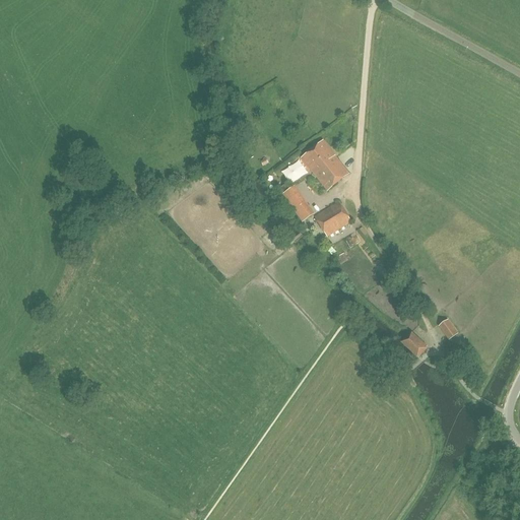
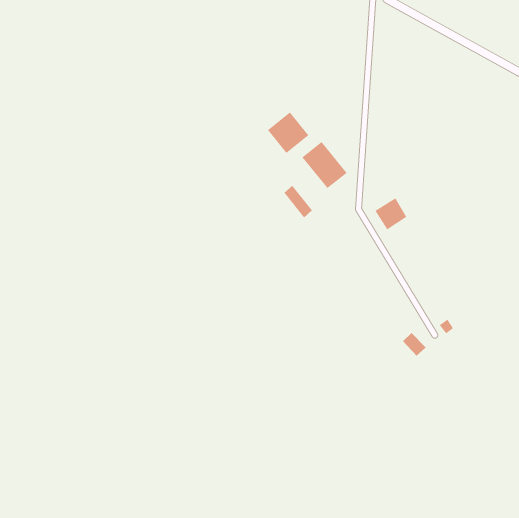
building: none -> [267,112,309,154]
building: [317,202,349,235] -> [375,198,407,230]

